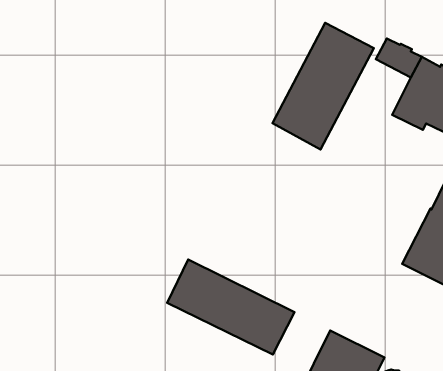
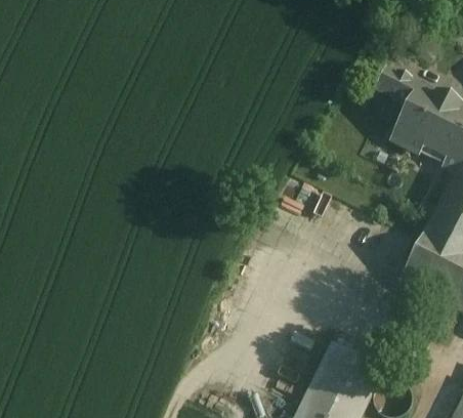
building: [273,23,374,149] -> none
building: [167,259,295,355] -> none

